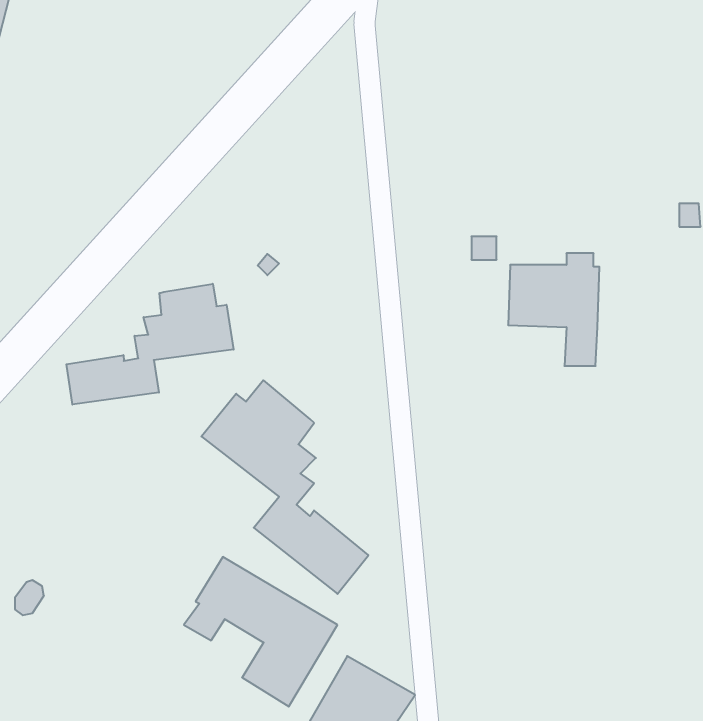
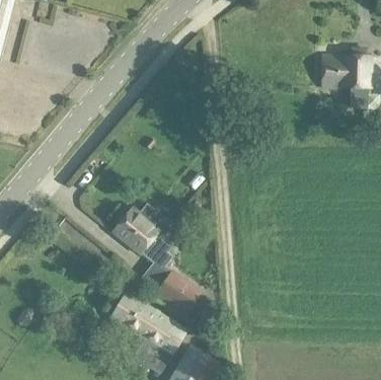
building: [508,253,599,366] -> [320,49,368,107]
building: [66,284,234,405] -> none

